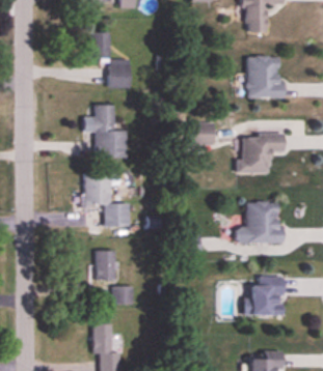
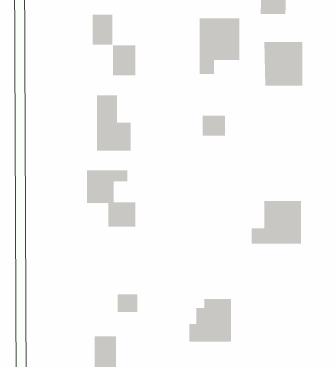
building: none -> [199,17,240,75]
building: [239,135,285,173] -> none
building: [95,251,114,282] -> none
building: [244,276,284,316] -> [189,298,232,342]

